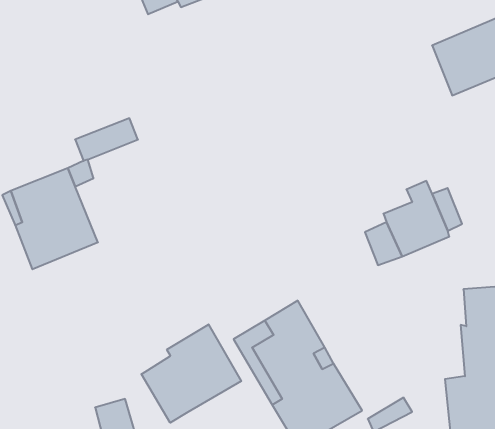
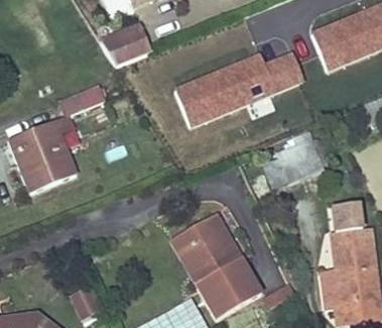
building: none -> [100,25,151,66]
building: none -> [176,56,302,126]
building: [141,324,241,423] -> none

